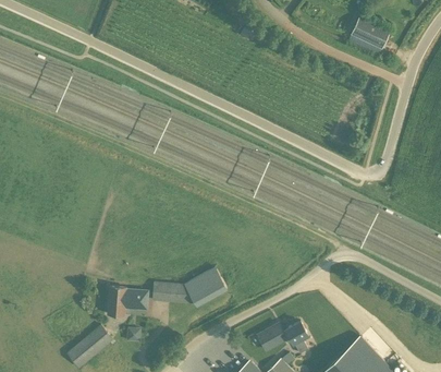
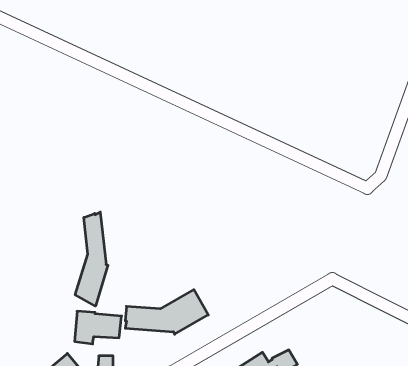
building: [351,16,391,49] -> none
building: none -> [75,212,108,306]

